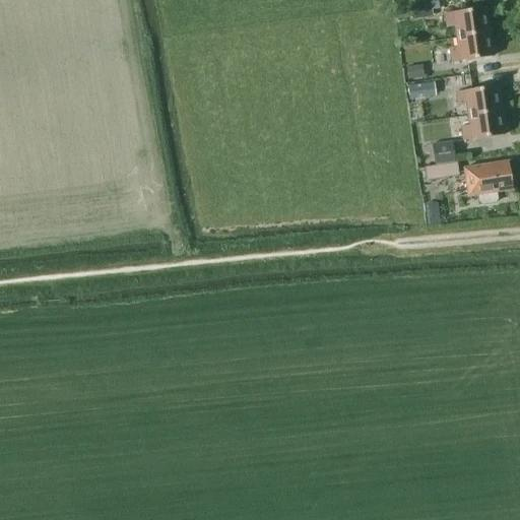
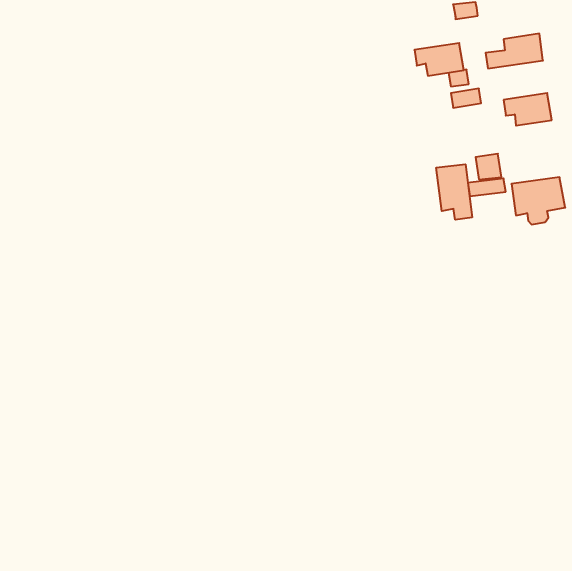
building: [445,6,490,36] -> [414,43,464,76]
building: [462,109,504,139] -> none
building: none -> [436,164,472,220]

